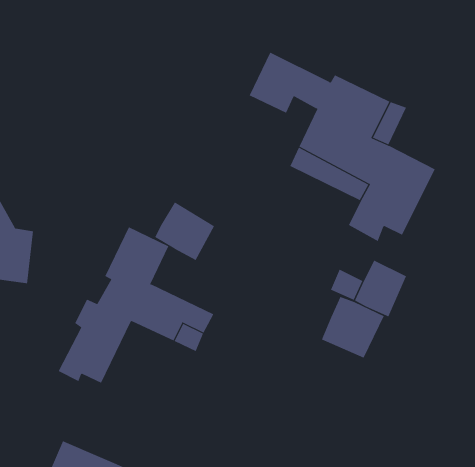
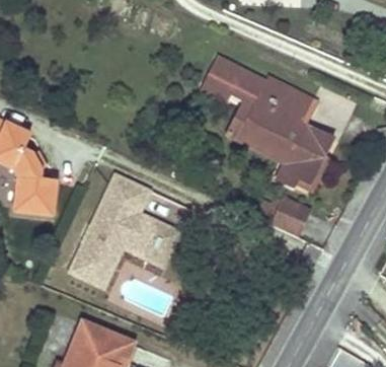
building: [155,202,215,261] -> none
building: [321,296,384,358] -> none

